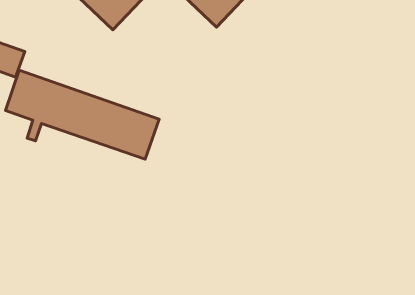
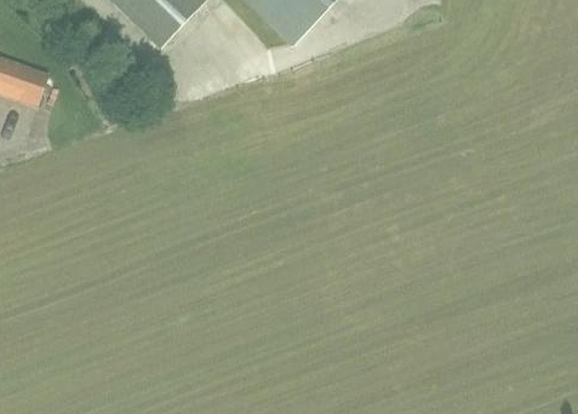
building: [6,70,159,159] -> none

